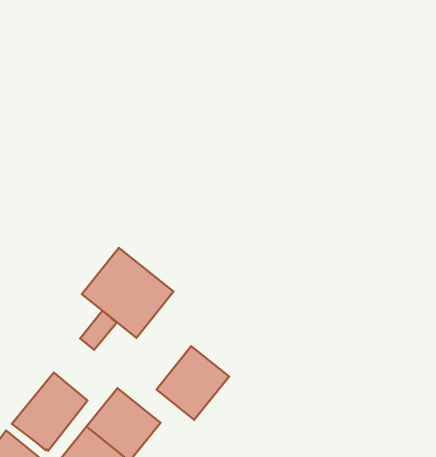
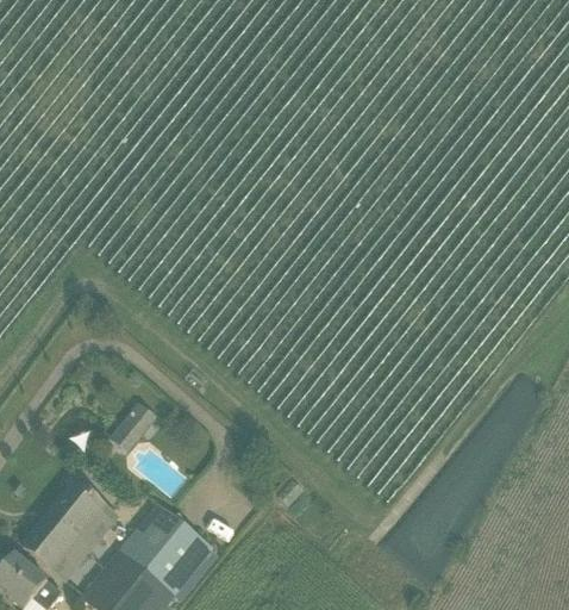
building: [82,248,173,338] -> none
building: [156,346,229,420] -> none

